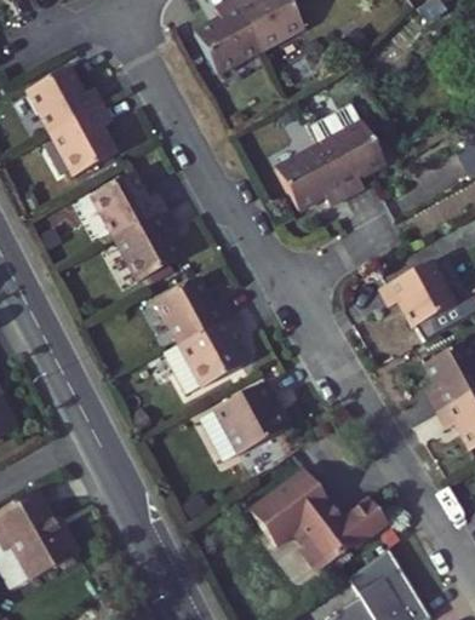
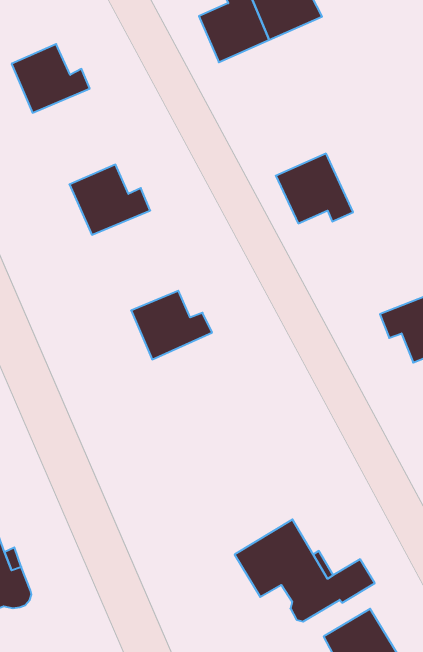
building: [52,103,115,173] -> none
building: [317,124,383,197] -> none
building: [113,208,176,277] -> none
building: [159,314,239,396] -> none
building: [194,381,279,461] -> none

